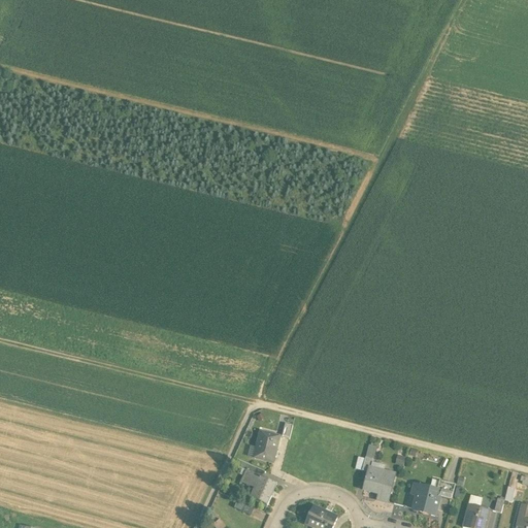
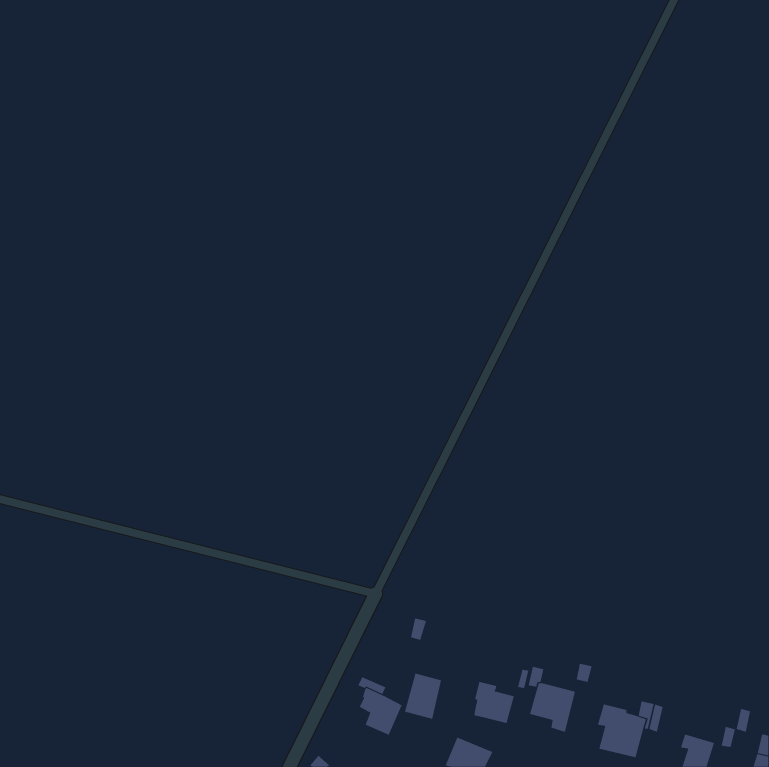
building: [253,430,278,462] -> [404,673,442,719]
building: none -> [474,681,515,724]

